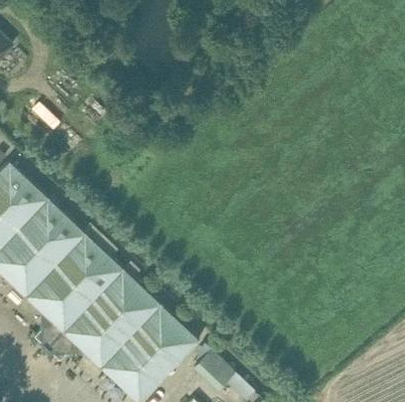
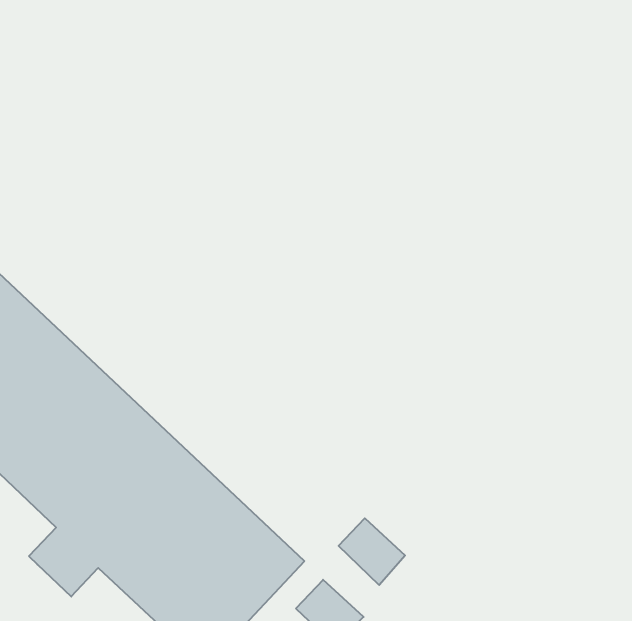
building: none -> [339,518,405,585]

